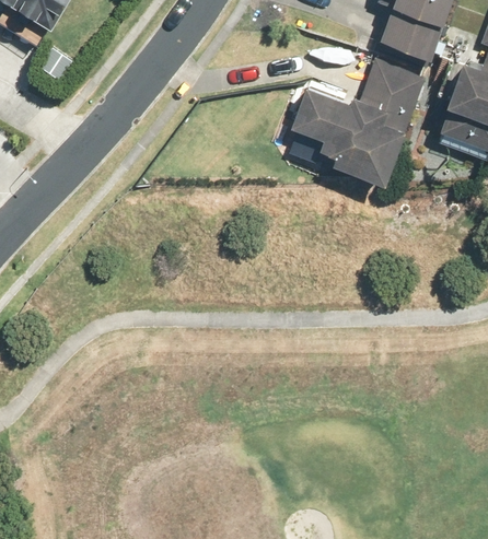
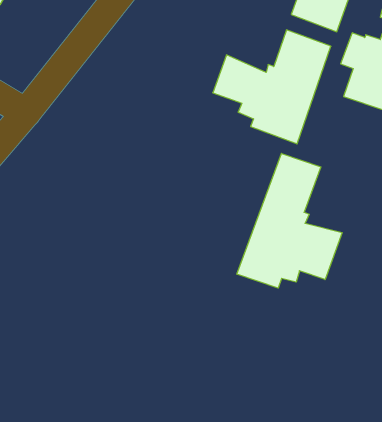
building: none -> [237,153,342,288]

